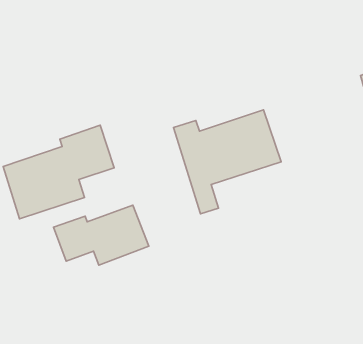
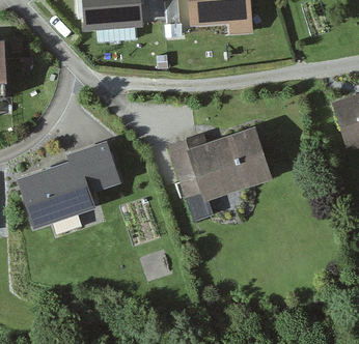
building: [54,205,149,265] -> none

